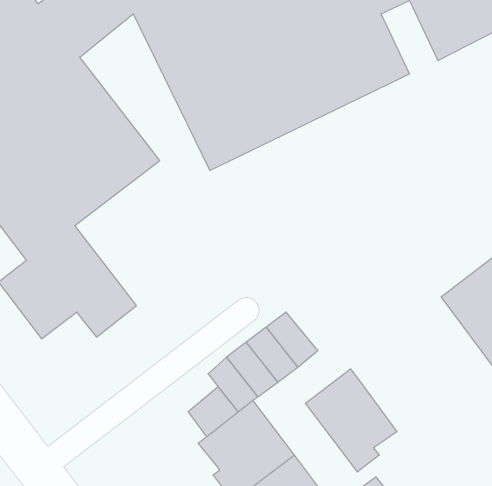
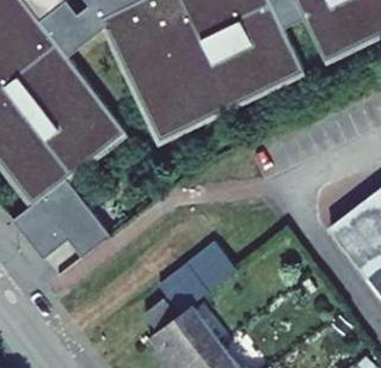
building: [305,369,397,472] -> none

